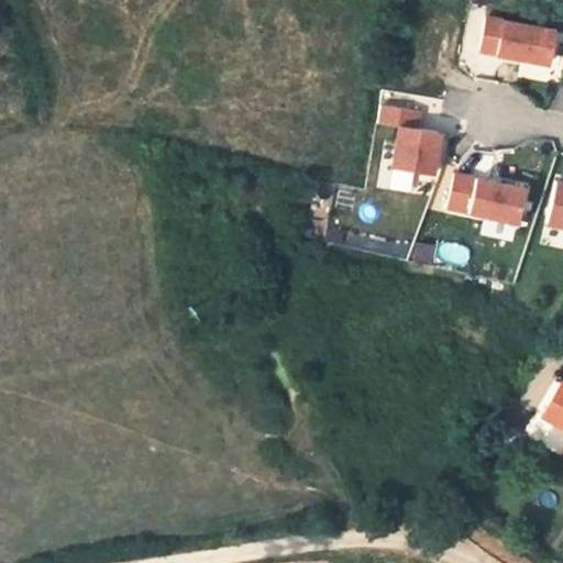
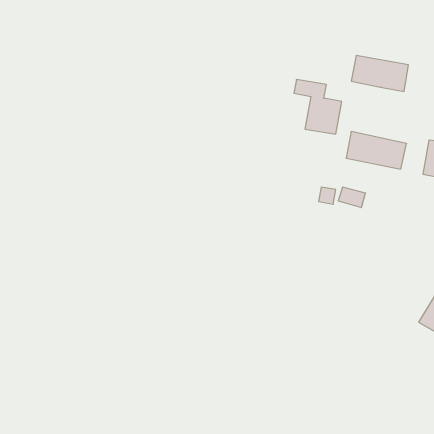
building: [481,22,554,68] -> [351,55,408,91]

